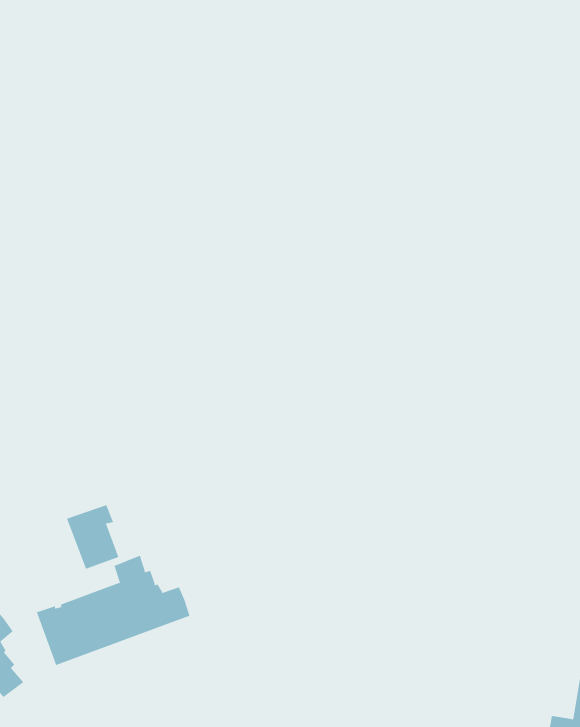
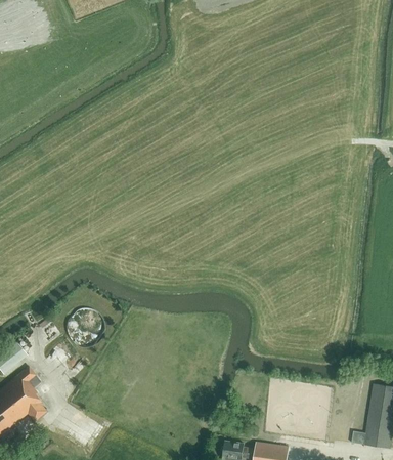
building: [36,555,190,666] -> none

